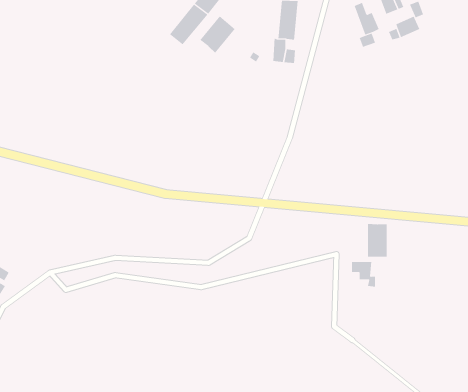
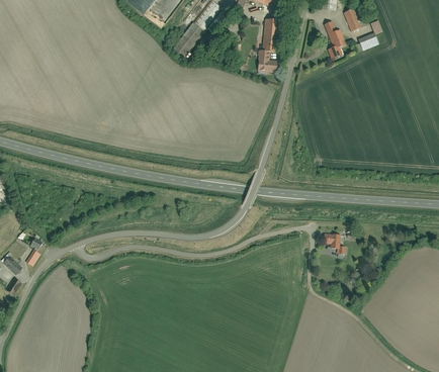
building: [199,15,235,53] -> none
building: [368,223,387,257] -> none

